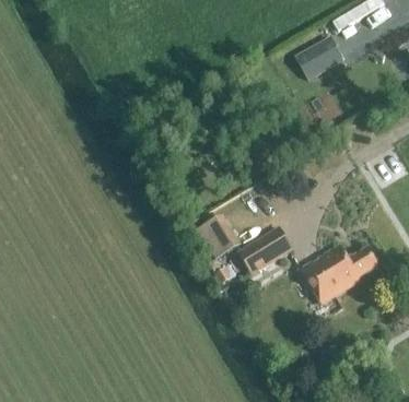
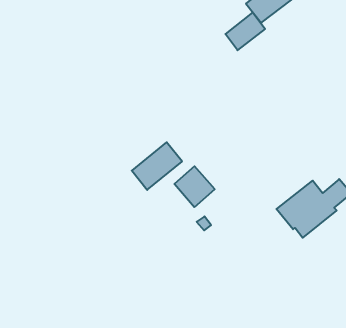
building: none -> [225,13,265,50]
building: [239,227,292,273] -> [132,142,182,190]

